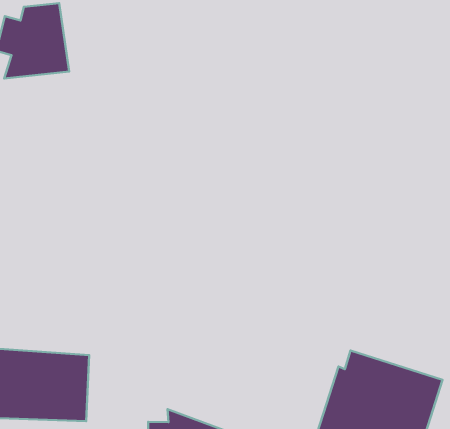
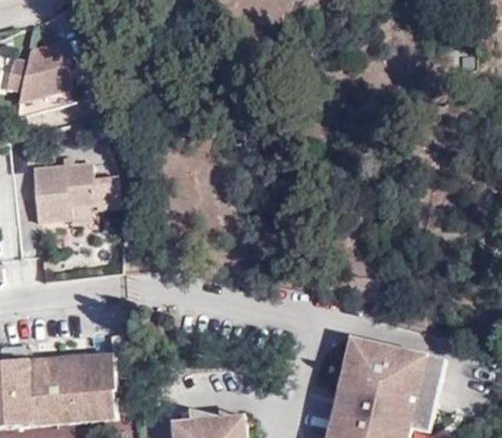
building: none -> [30,159,95,221]

